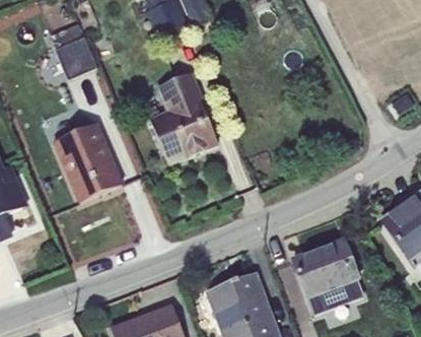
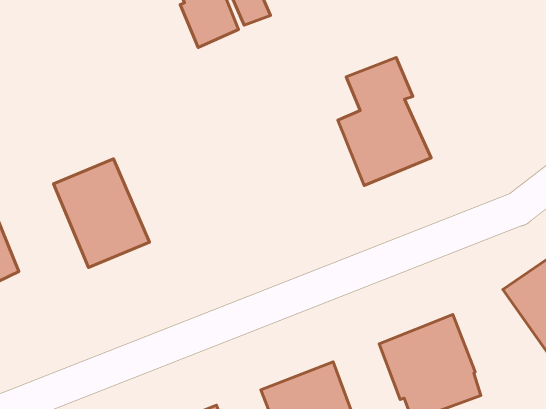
building: [50,22,96,78] -> none
building: [149,71,217,164] -> [338,58,431,186]

